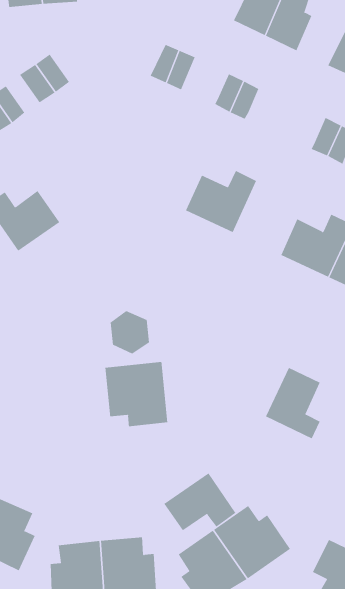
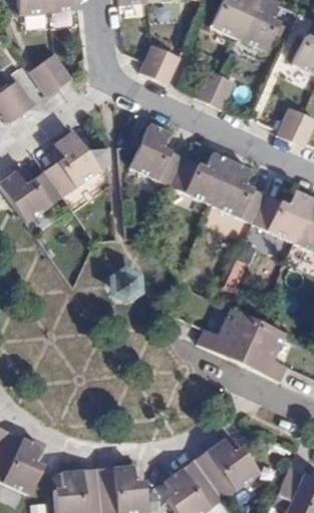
building: none -> [129,123,185,186]
building: none -> [45,130,109,196]
building: none -> [212,161,266,224]
building: none -> [199,307,259,362]
building: [105,361,168,427] -> none
building: [164,472,236,531] -> none

